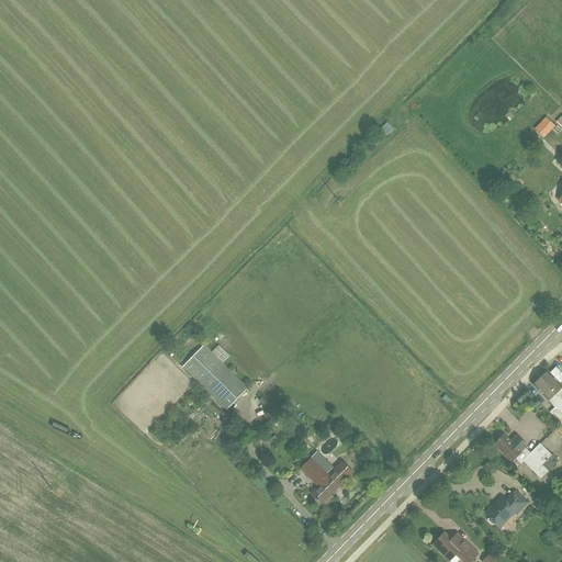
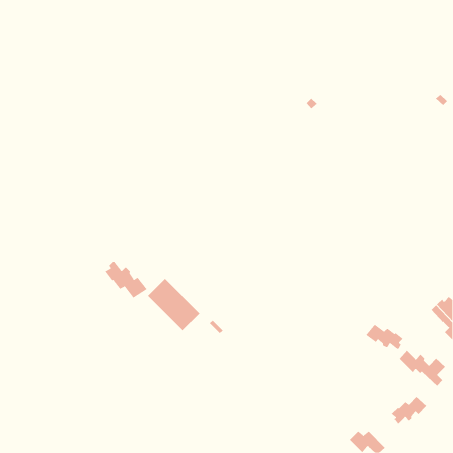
building: none -> [104,261,147,298]
building: none -> [366,324,404,349]
building: [301,458,352,503] -> none

